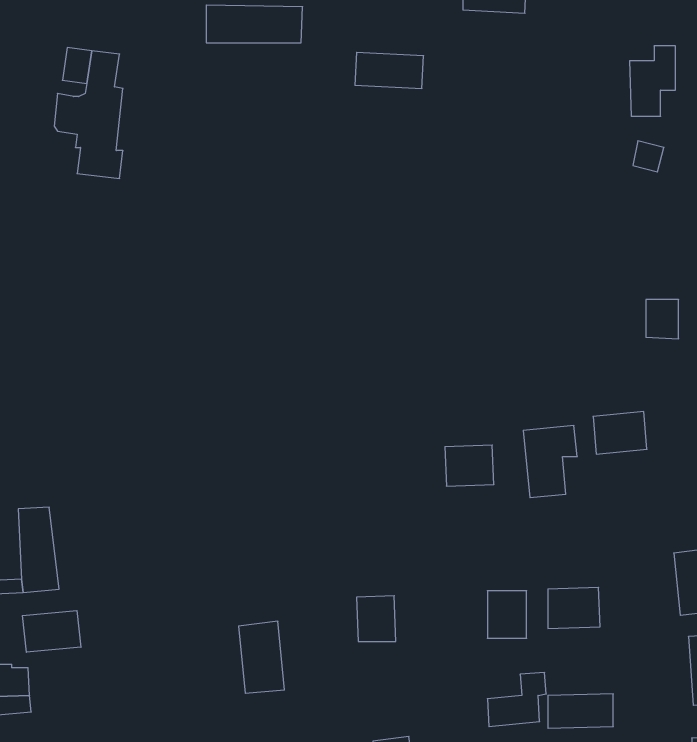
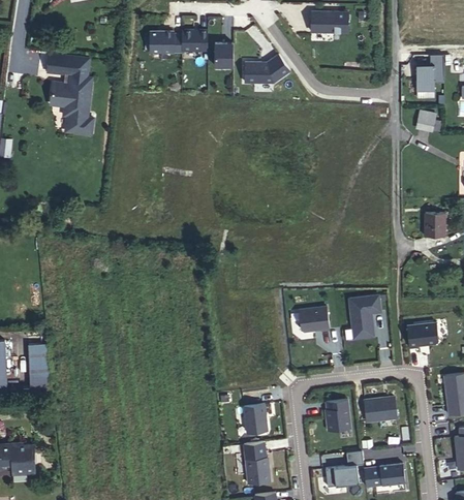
building: none -> [211,40,233,65]
building: [593,412,647,454] -> [404,321,438,348]
building: [22,611,81,652] -> none
building: [239,621,284,693] -> [241,439,270,485]

